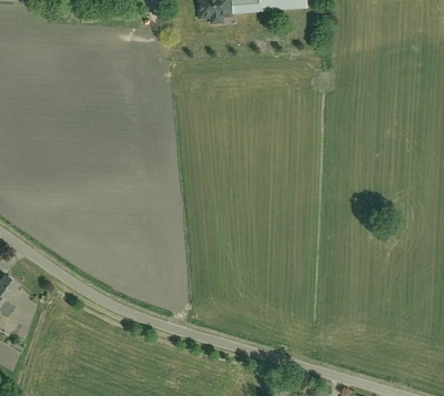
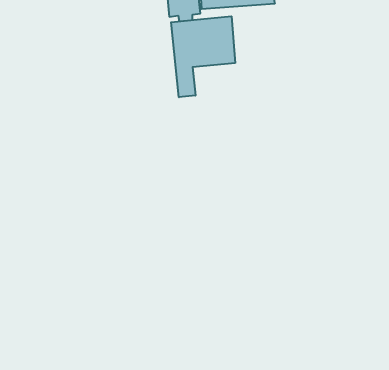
building: none -> [171,16,235,97]

